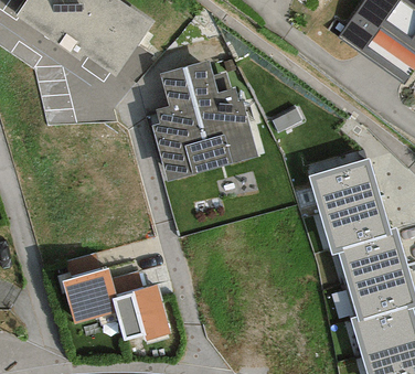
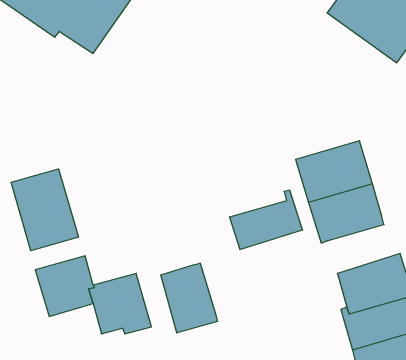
building: [151,62,255,182] -> none
building: none -> [11,169,78,251]
building: [337,226,406,282] -> [229,190,303,250]
building: none -> [161,263,217,333]

